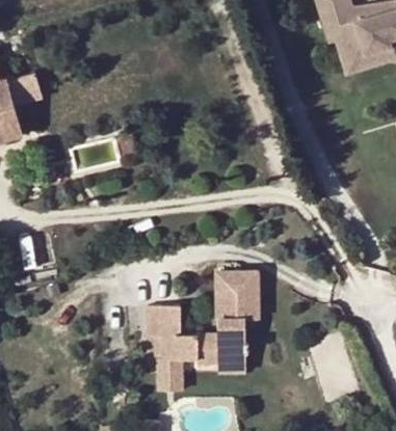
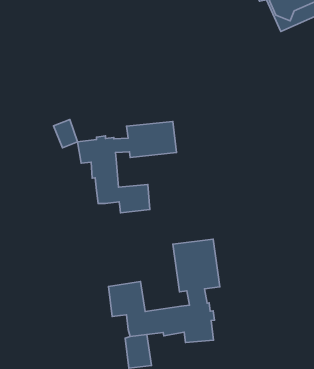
building: none -> [78,121,177,213]

